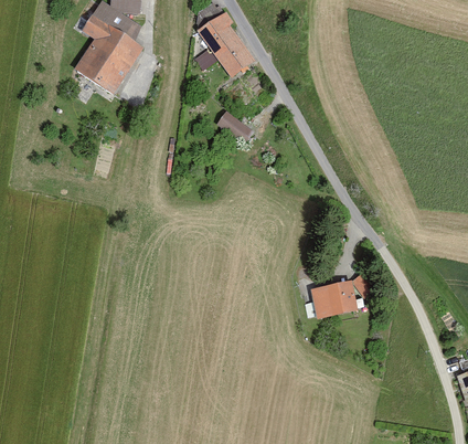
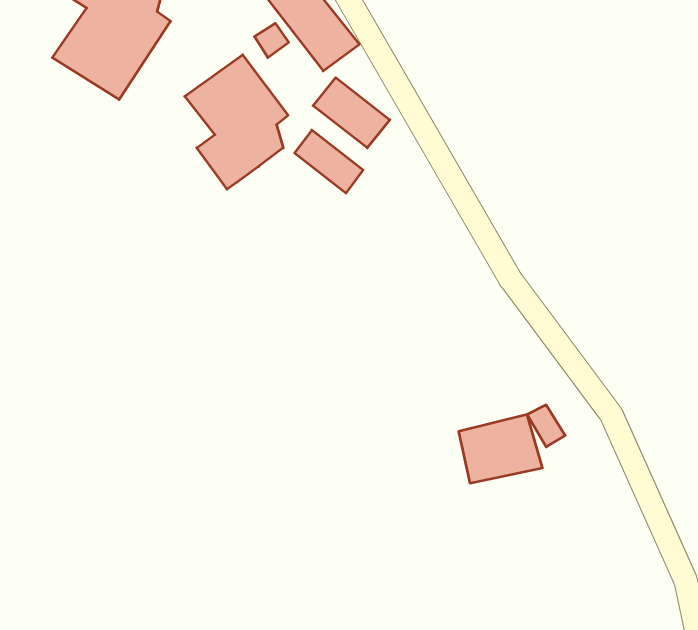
building: none -> [185,55,288,189]
building: none -> [313,78,390,148]

